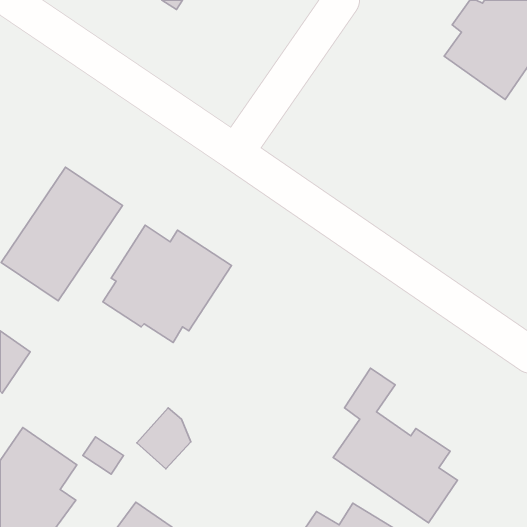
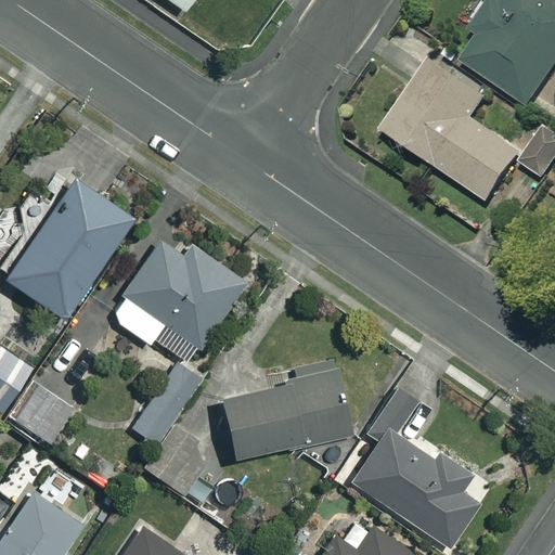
building: none -> [389,65,525,204]
building: none -> [131,367,201,447]
building: none -> [218,367,349,457]
building: none -> [14,383,75,443]

